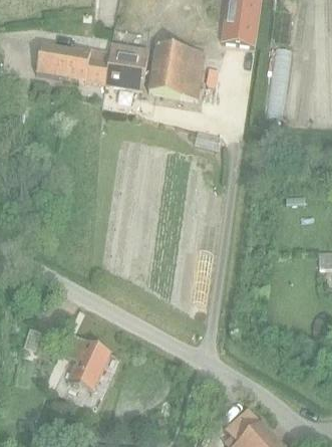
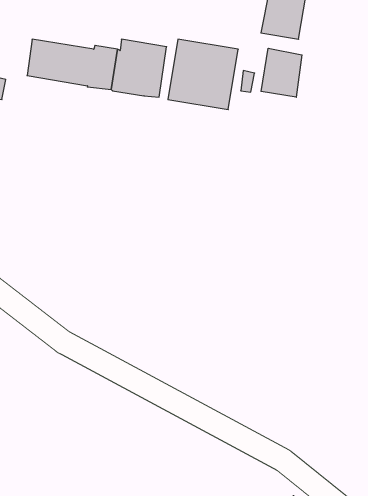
building: none -> [261,48,302,97]
building: [64,336,110,391] -> none

